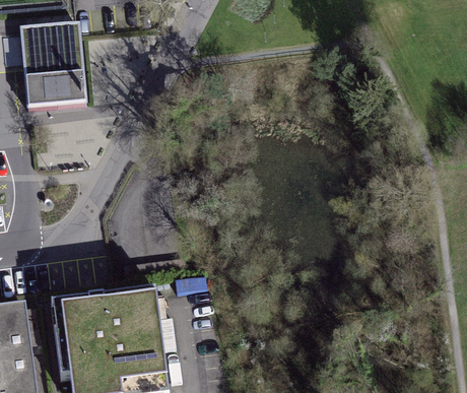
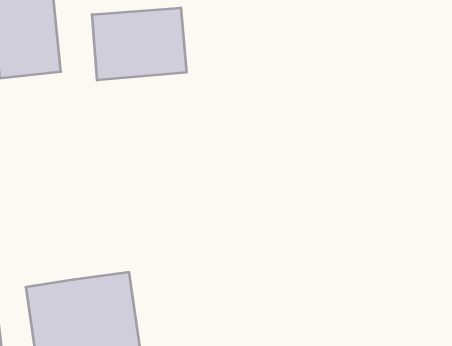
building: none -> [92,8,186,80]

